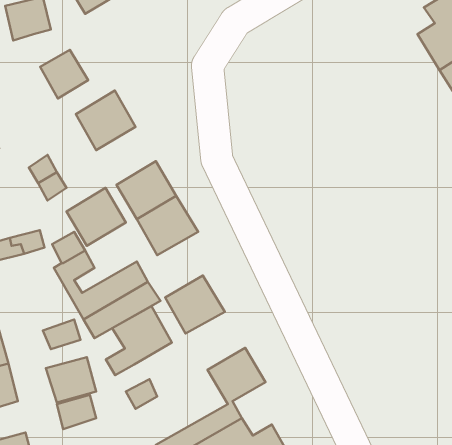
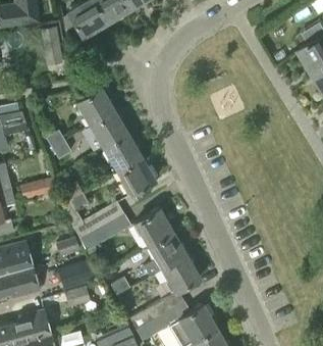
building: [40,50,88,98] -> none
building: [66,188,126,246] -> [90,111,128,149]
building: [106,306,172,375] -> [144,232,186,277]

